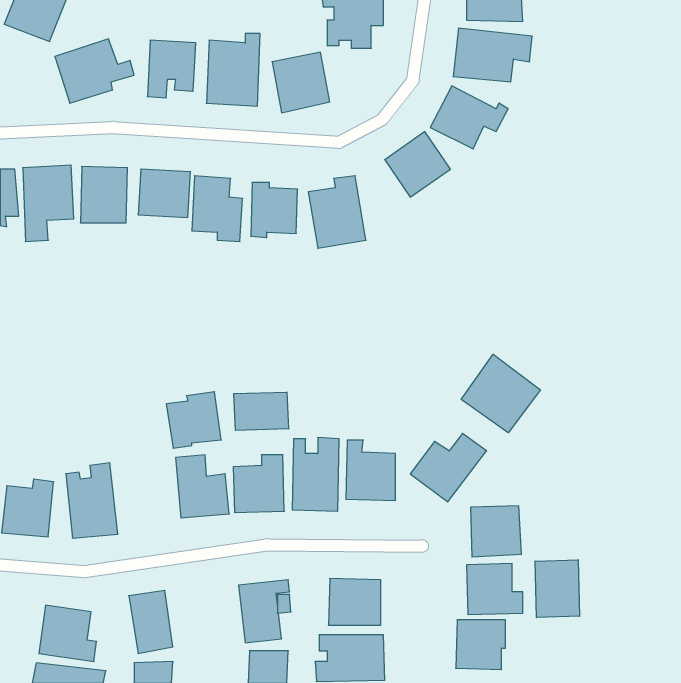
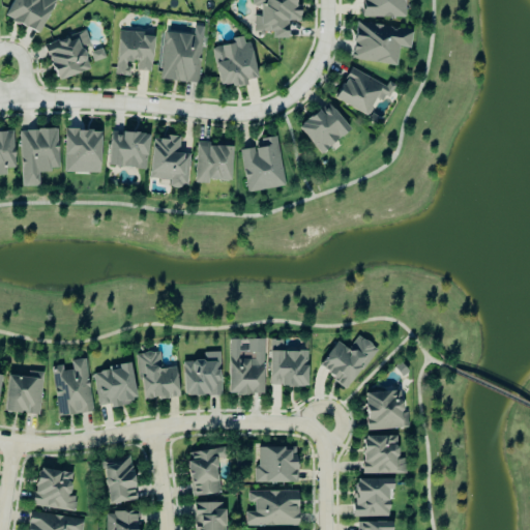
building: [461,354,540,433] -> none
building: [166,392,221,448] -> [94,362,137,406]
building: [234,392,289,430] -> none
building: [535,560,580,618] -> none

